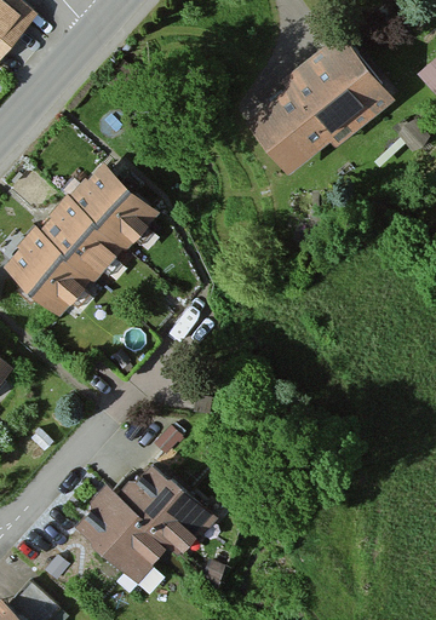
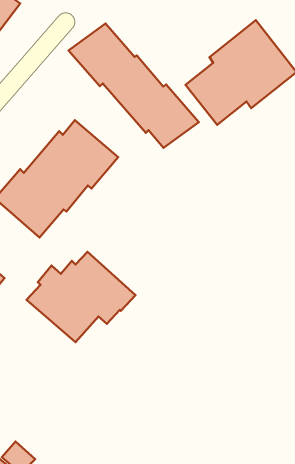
building: none -> [69,24,199,148]
building: [74,464,217,582] -> [27,252,136,342]

